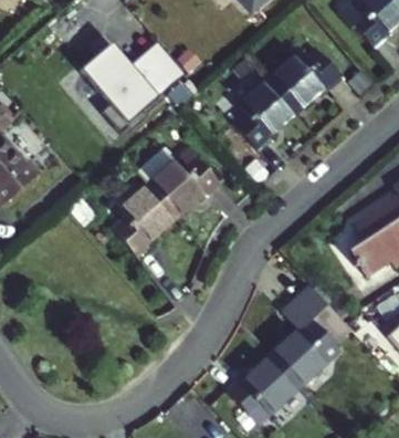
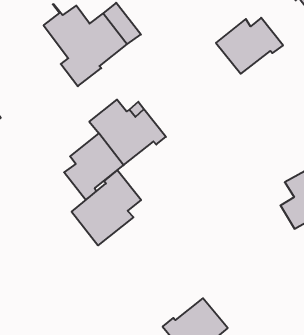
building: [232,79,296,149] -> none
building: none -> [72,170,141,245]
building: [269,281,349,387] -> none

